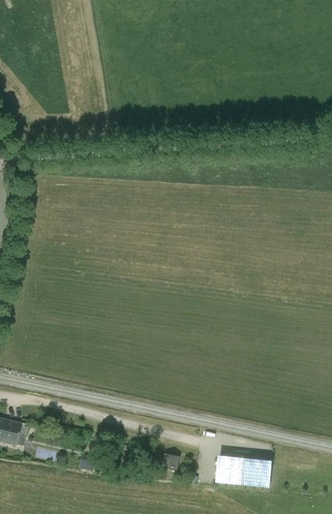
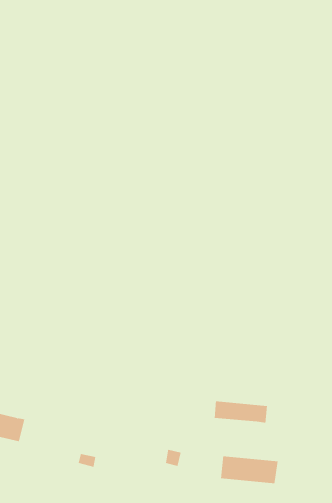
building: none -> [214,401,267,424]

